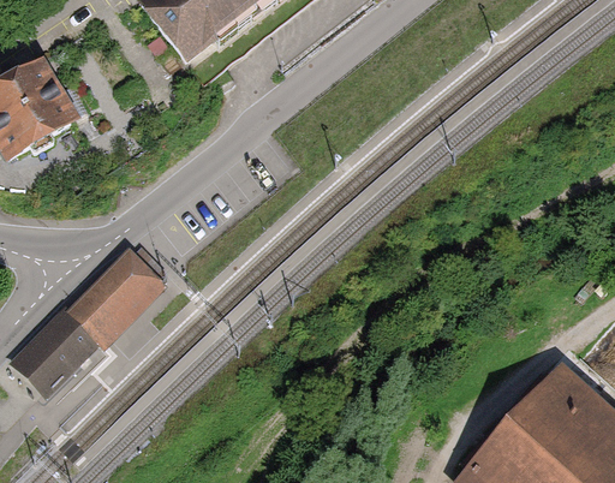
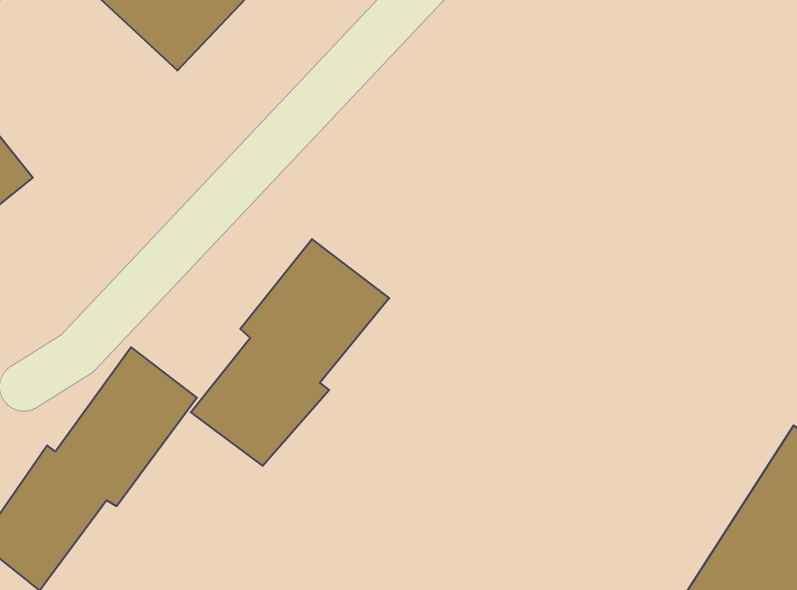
building: none -> [191,239,389,466]

